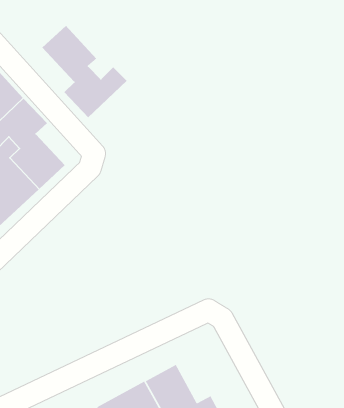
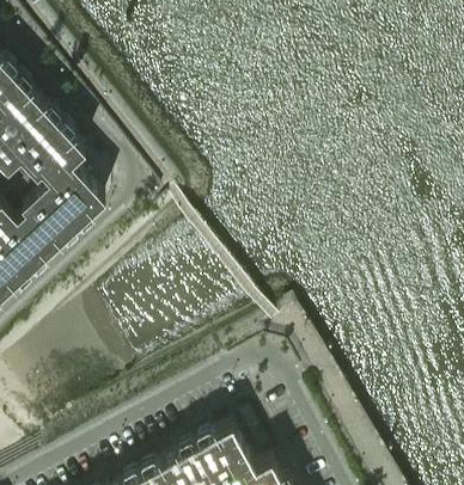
building: [41,25,127,118] -> none

